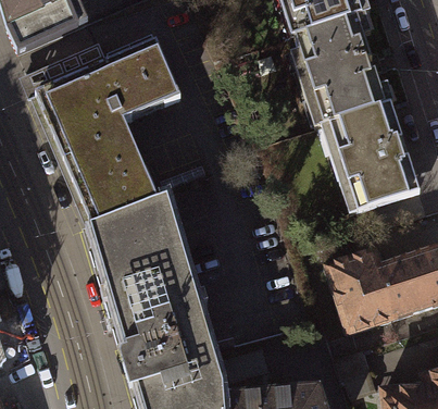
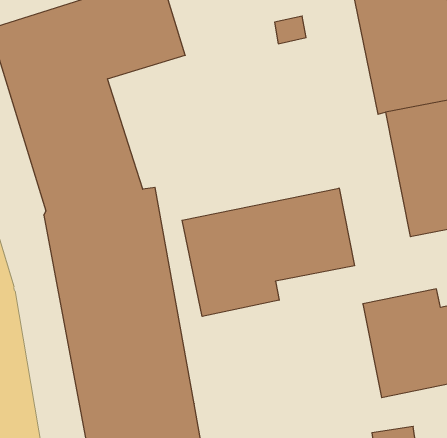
building: none -> [182,188,354,316]

